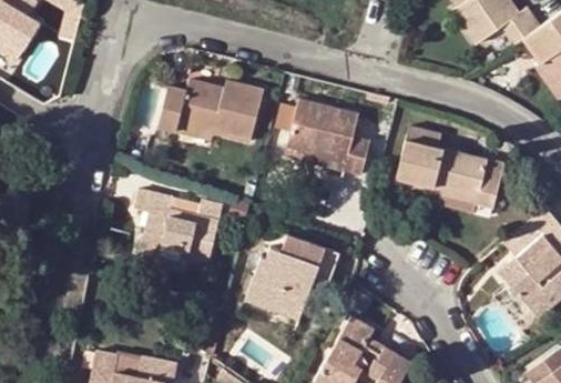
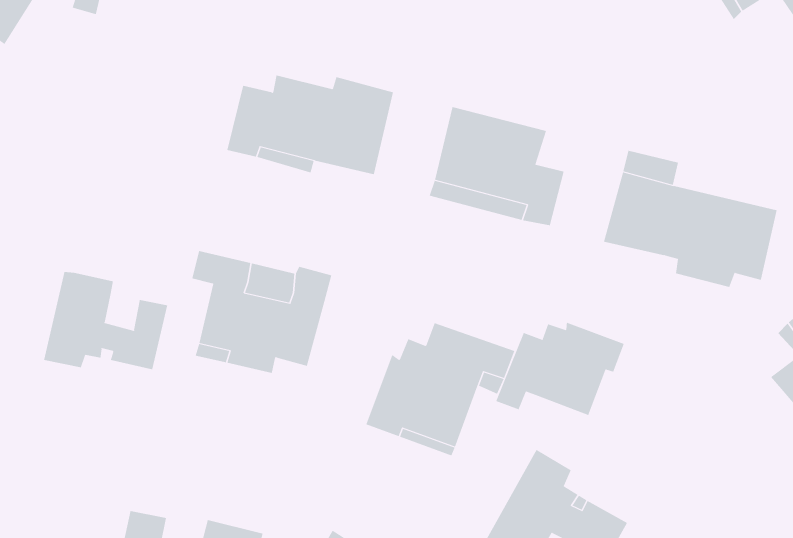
building: none -> [43,271,168,370]
building: none -> [496,322,624,416]

